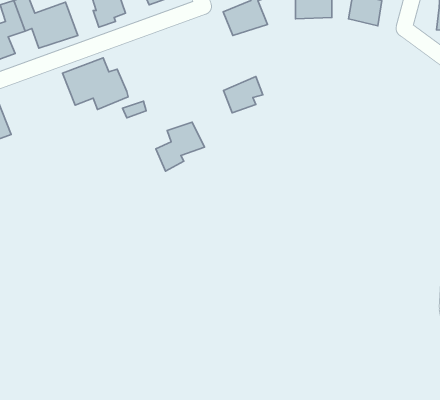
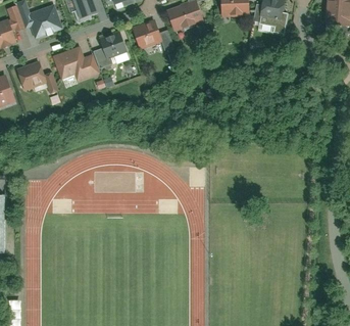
building: [224,77,263,113] -> [132,20,160,47]
building: none -> [15,61,59,96]
building: [156,122,205,171] -> [91,33,127,68]

